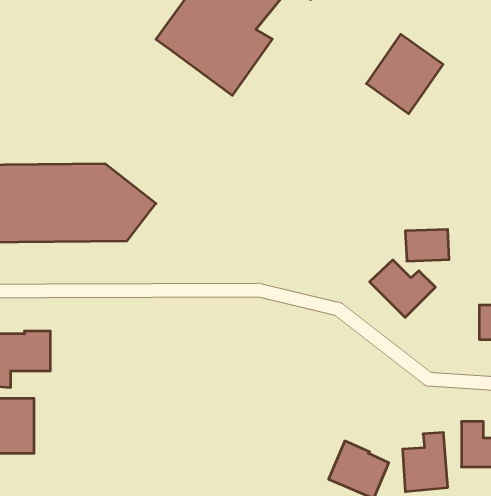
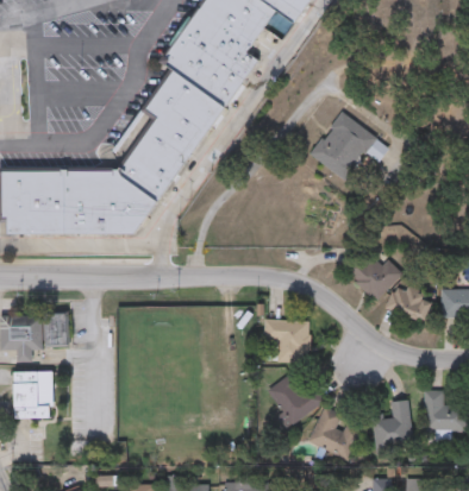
building: [366,34,443,114] -> [311,112,377,181]
building: none -> [118,69,226,200]
building: [405,229,449,261] -> [393,290,431,317]
building: none -> [265,320,309,363]
building: none -> [267,373,325,426]

